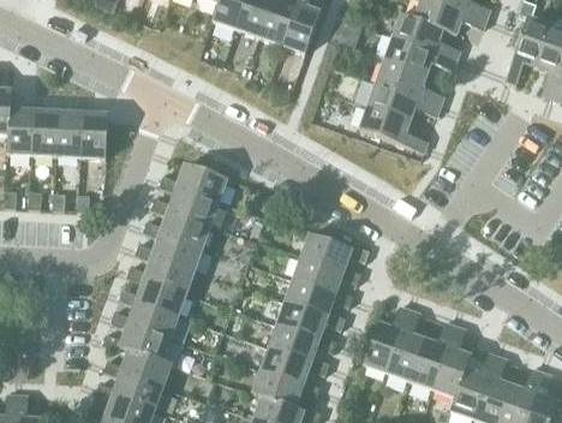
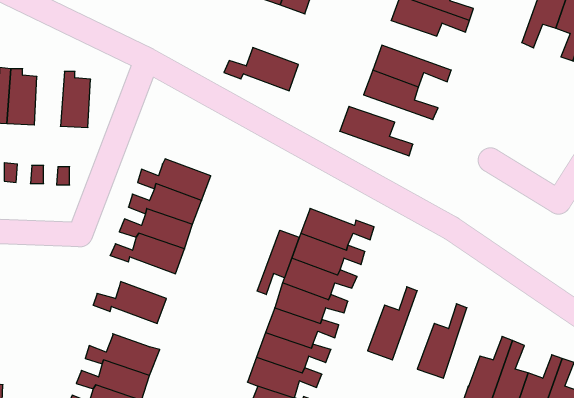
building: [376,59,443,105] -> [340,106,413,156]
building: [56,105,84,156] -> none
building: [159,162,227,202] -> [224,48,298,91]
building: none -> [257,230,299,295]
building: [119,276,186,315] -> none
building: [385,308,424,380] -> none
building: [102,322,169,359] -> none
building: [432,323,471,397] -> none

